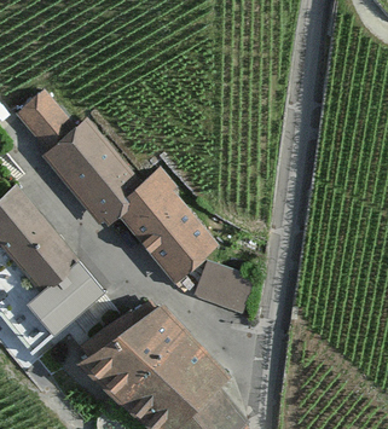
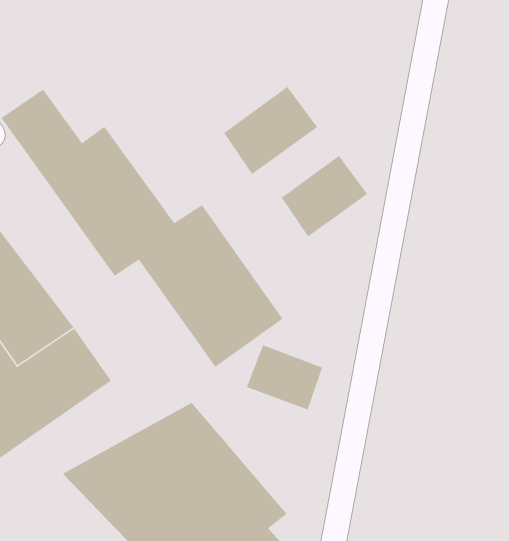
building: none -> [223,86,318,175]
building: none -> [281,155,368,238]

